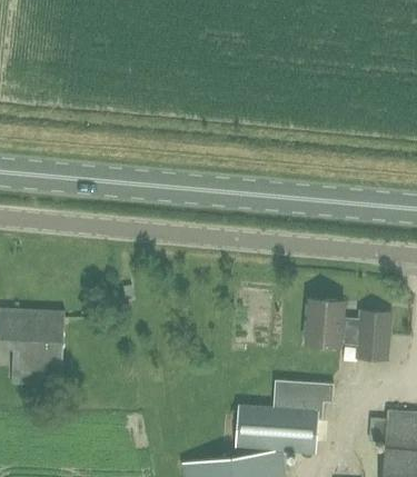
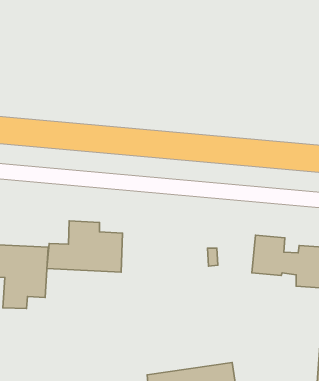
building: none -> [47,221,123,272]
building: [235,380,320,449] -> none

